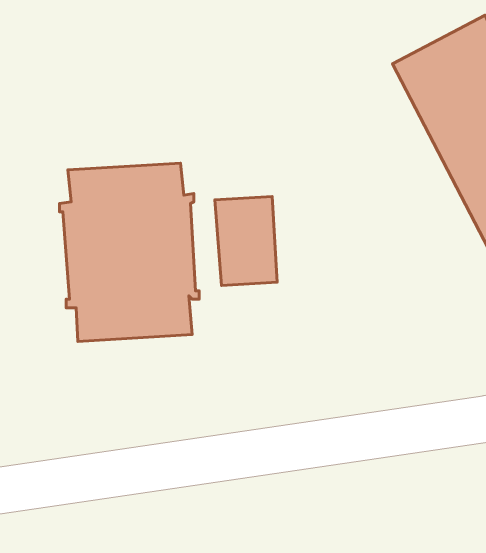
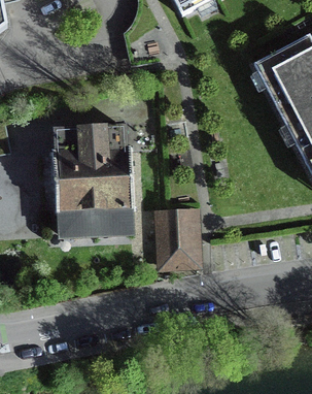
building: [215,196,277,286] -> [159,209,197,264]

